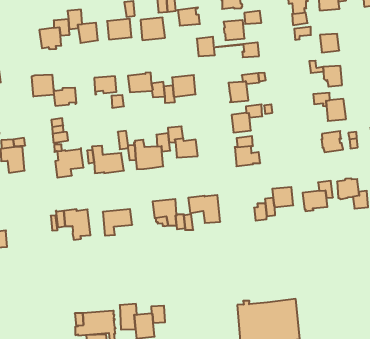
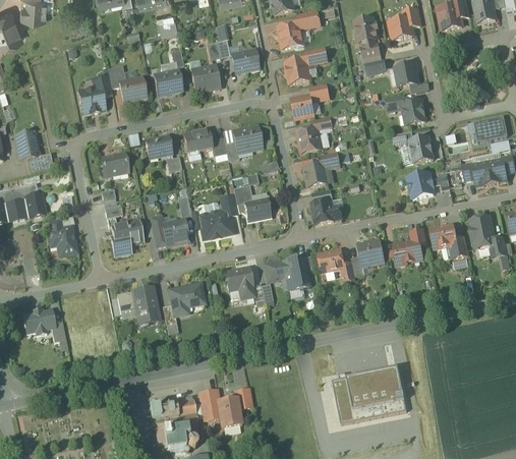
building: [197,37,215,56] -> [291,94,313,117]
building: [32,75,54,97] -> none
building: none -> [318,248,344,272]

